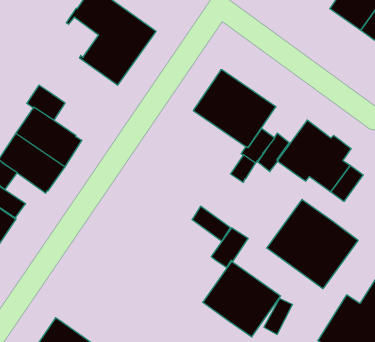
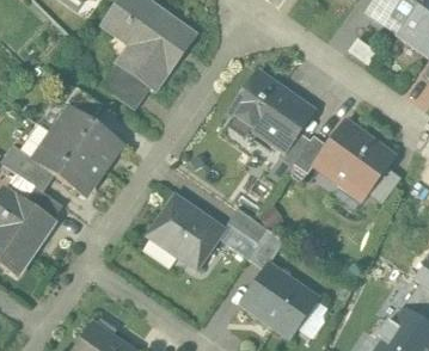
building: none -> [99,61,152,110]
building: none -> [147,193,225,269]
building: [267,199,358,289] -> none

